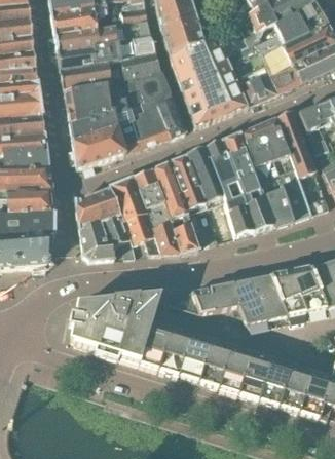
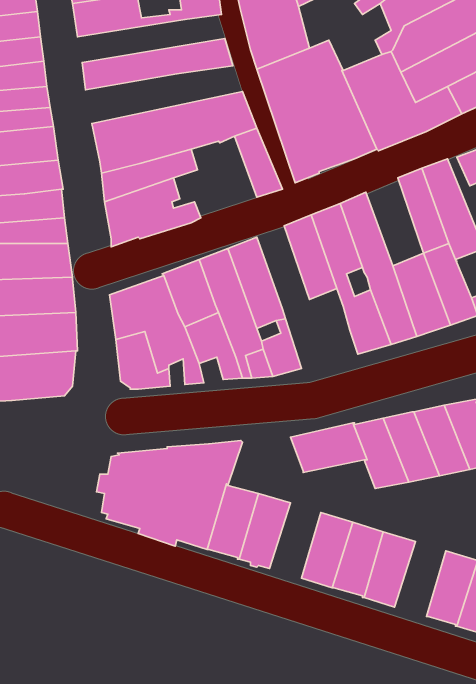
building: [54,18,150,49] -> none
building: [60,51,160,88] -> none
building: [115,97,170,149] -> none
building: [239,123,276,180] -> none
building: [170,154,208,211] -> none
building: [178,332,211,380] -> none
building: [258,356,291,405] -> none

